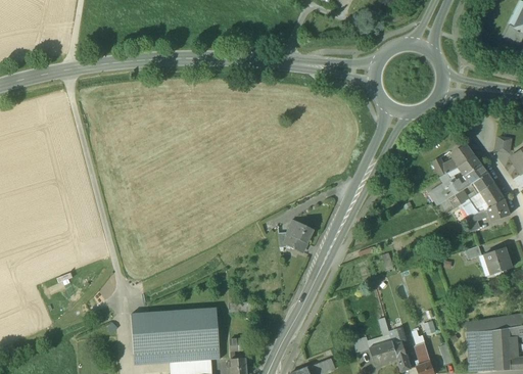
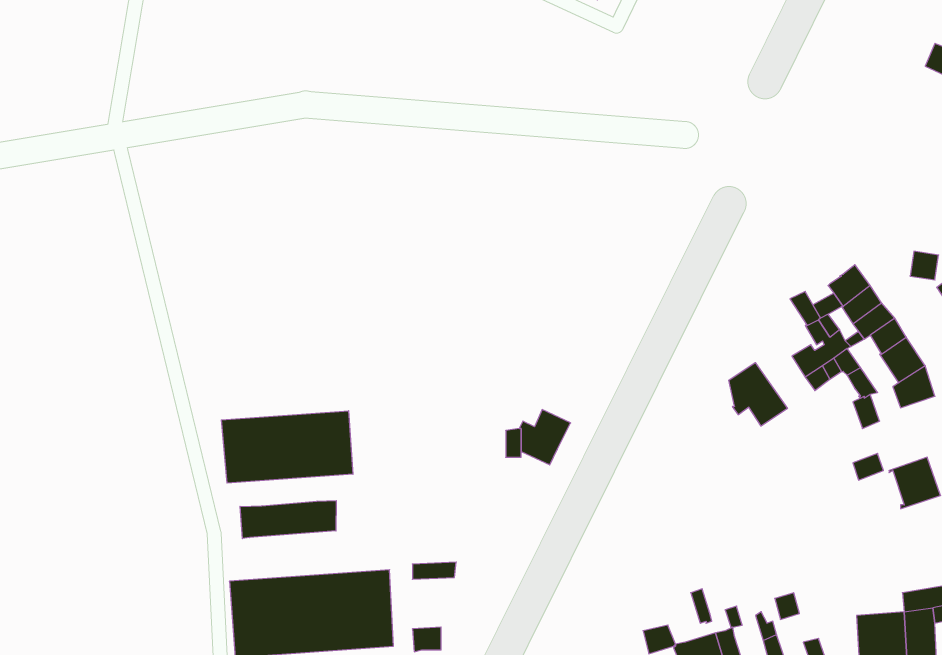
building: none -> [729,363,787,426]
building: none -> [221,411,353,483]
building: none -> [240,501,336,539]

